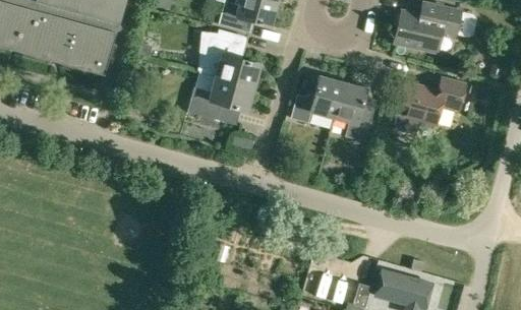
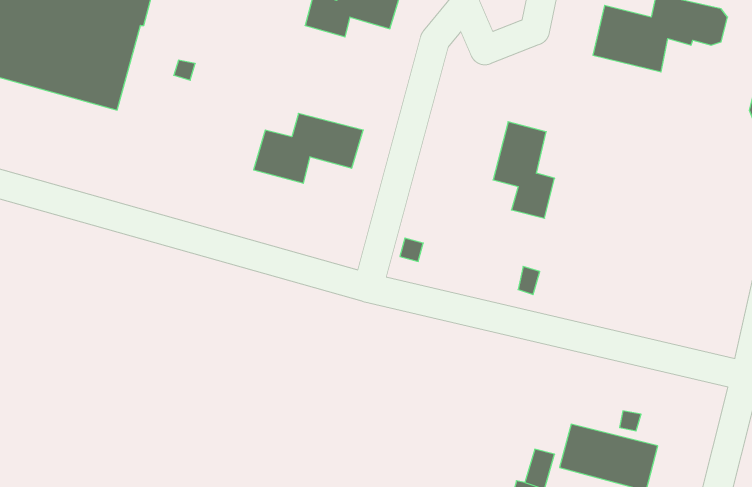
building: [196,27,259,87] -> none
building: [290,76,342,123] -> none
building: [392,77,464,133] -> none

